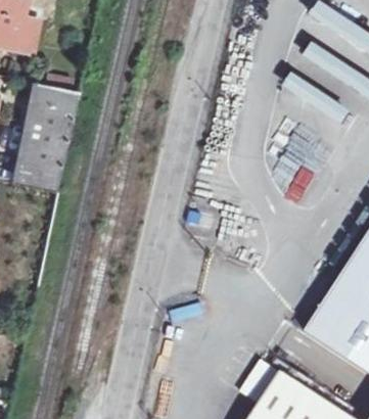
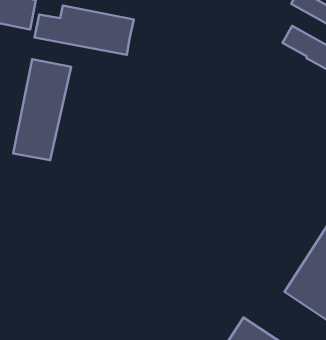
building: none -> [35,6,134,55]

